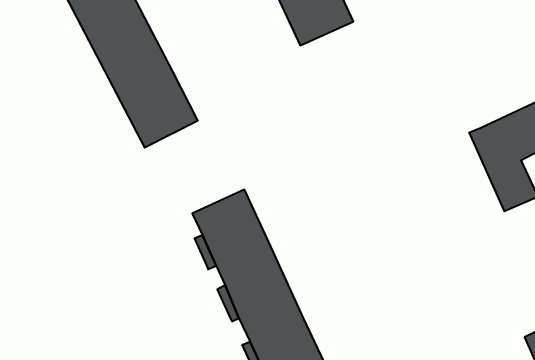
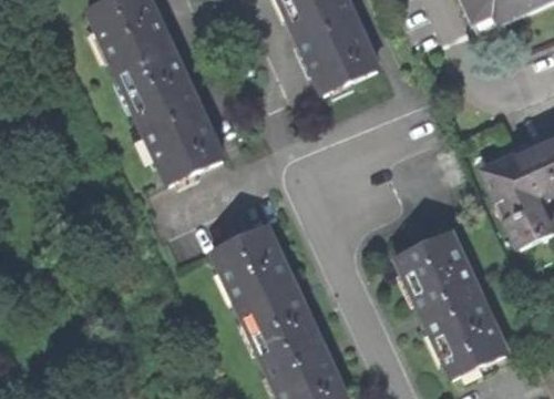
building: none -> [399,231,509,380]

